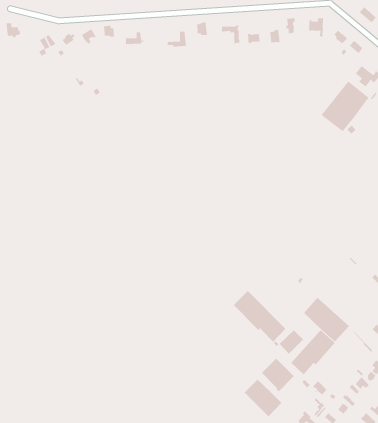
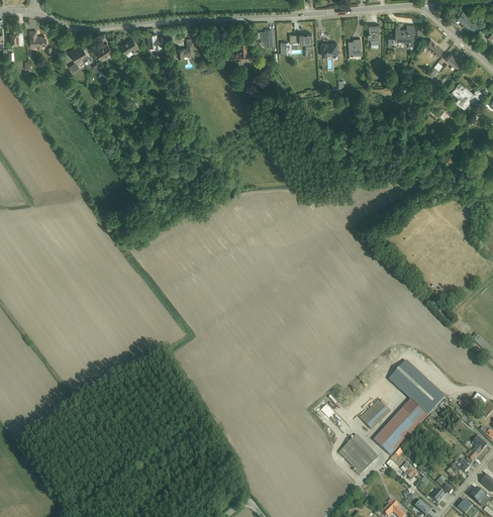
building: [321,81,369,132] -> none
building: [233,290,286,343] -> none
building: [244,379,282,417] -> none

